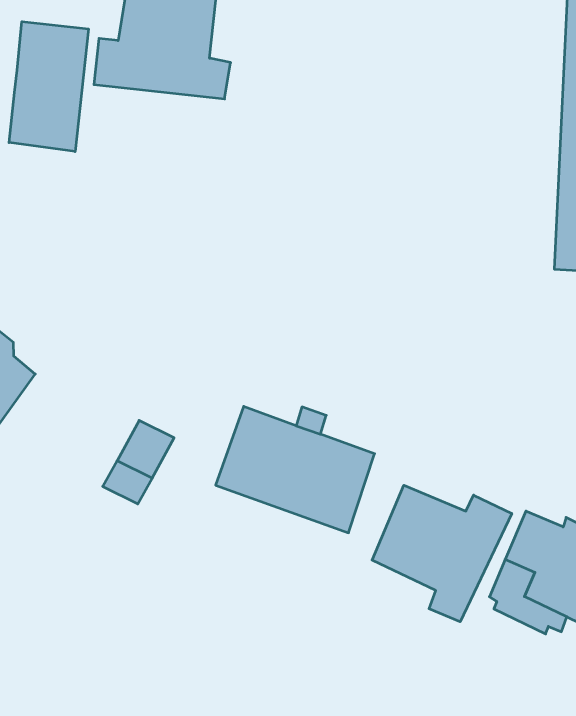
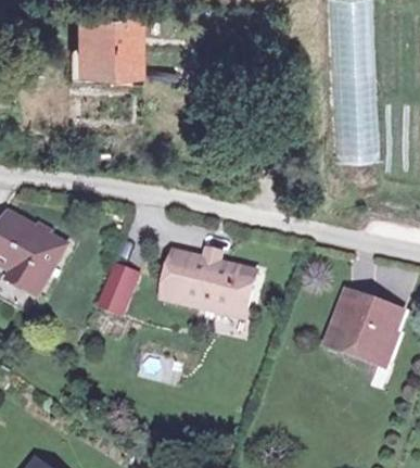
building: [9,22,88,152] -> none
building: [372,485,512,622] -> none

